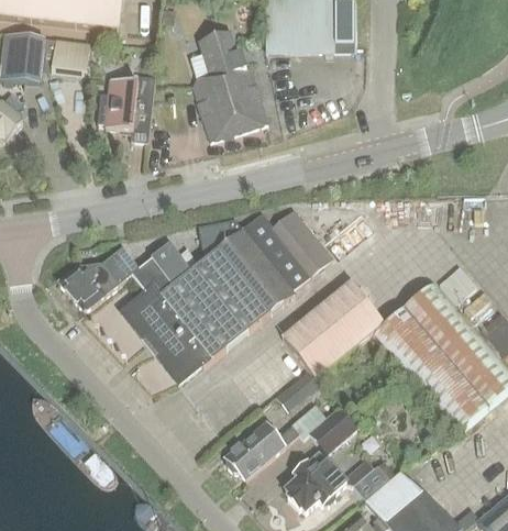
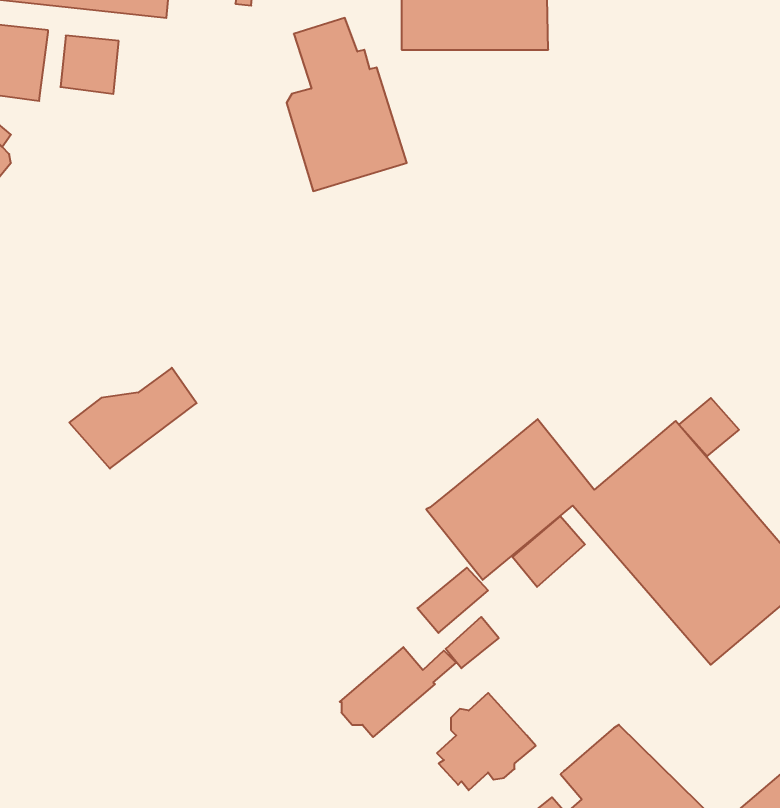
building: [97,75,155,143] -> none
building: [122,208,334,380] -> none
building: [310,410,355,454] -> [512,516,585,587]
building: [343,457,397,498] -> none

